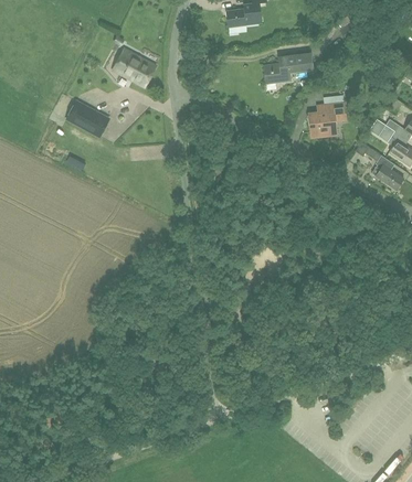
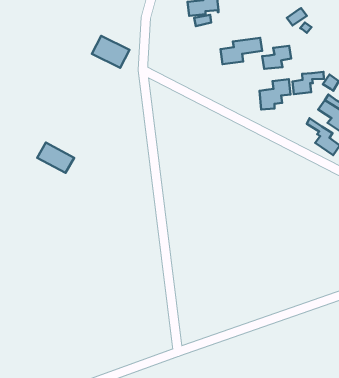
building: none -> [262,46,291,69]
building: none -> [292,72,324,94]
building: [66,100,109,136] -> [37,143,74,173]

